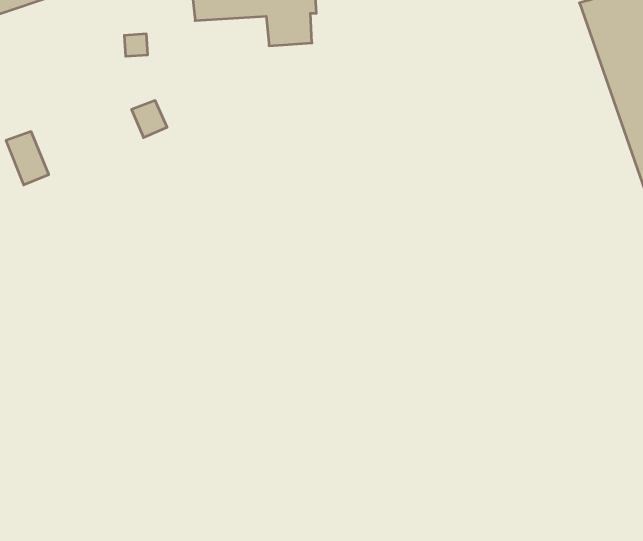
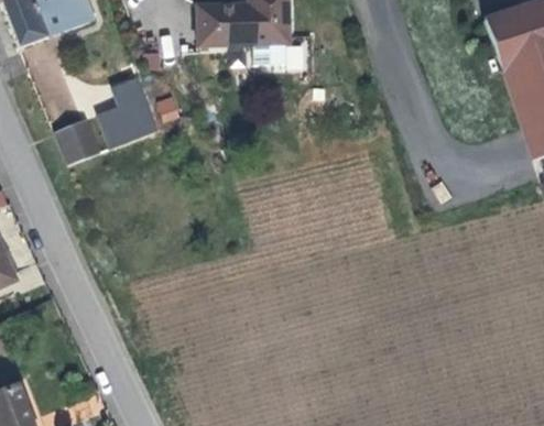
building: none -> [96,76,157,149]

